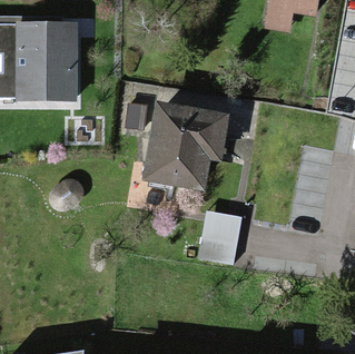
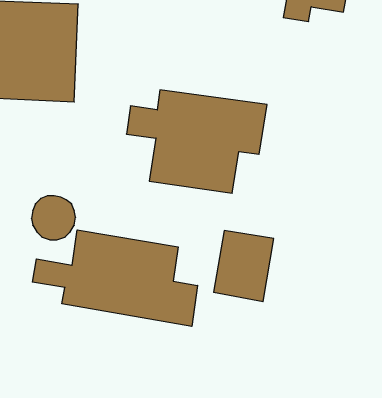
building: none -> [32,230,198,326]

